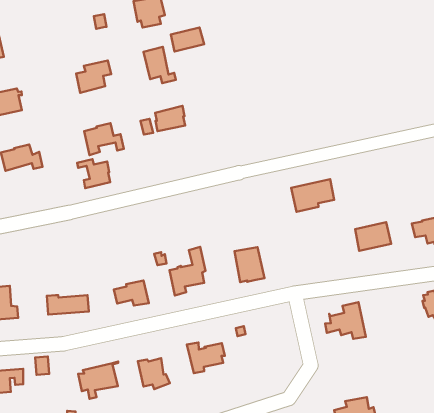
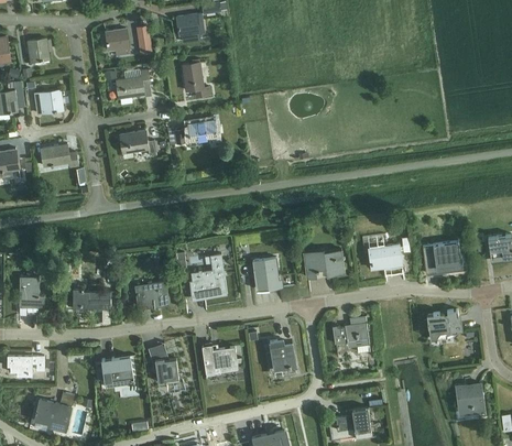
building: none -> [106,29,130,56]
building: [171,28,204,51] -> none
building: [77,159,110,188] -> none
building: [291,179,334,212] -> [304,249,344,278]
building: none -> [266,338,296,373]

